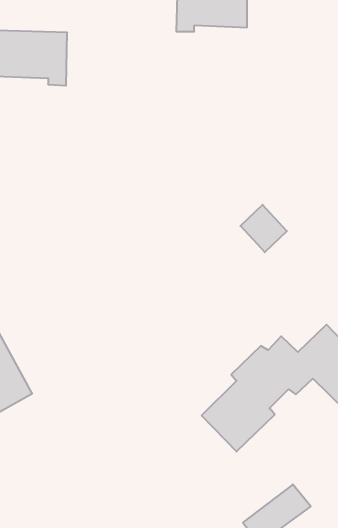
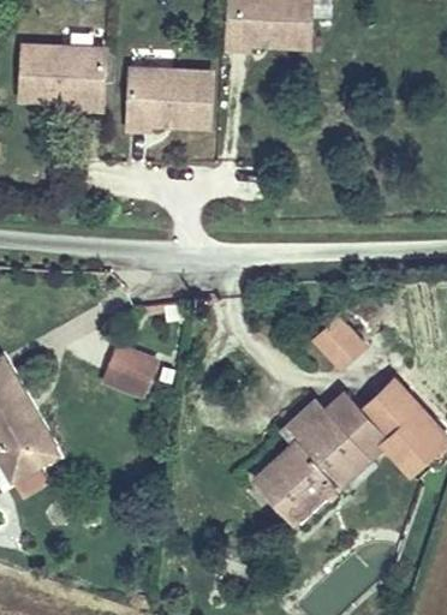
building: none -> [126,67,209,127]
building: [240,205,287,252] -> [311,314,364,368]
building: none -> [103,347,155,396]

